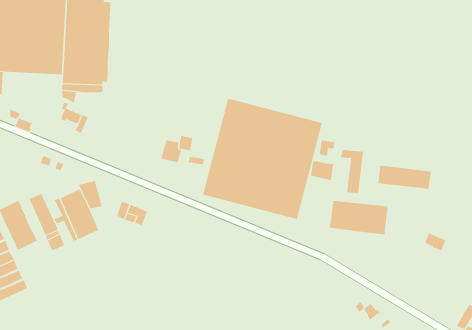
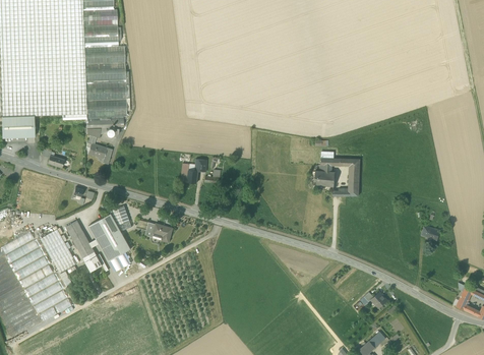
building: [203,98,323,220] -> none
building: [378,165,432,190] -> none
building: [329,200,388,235] -> none

